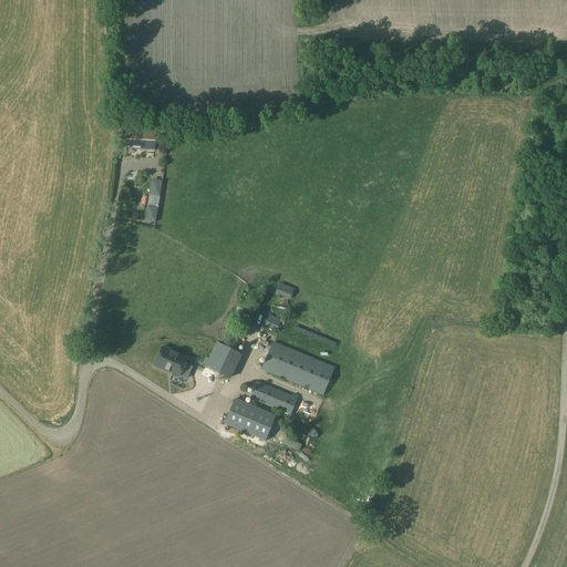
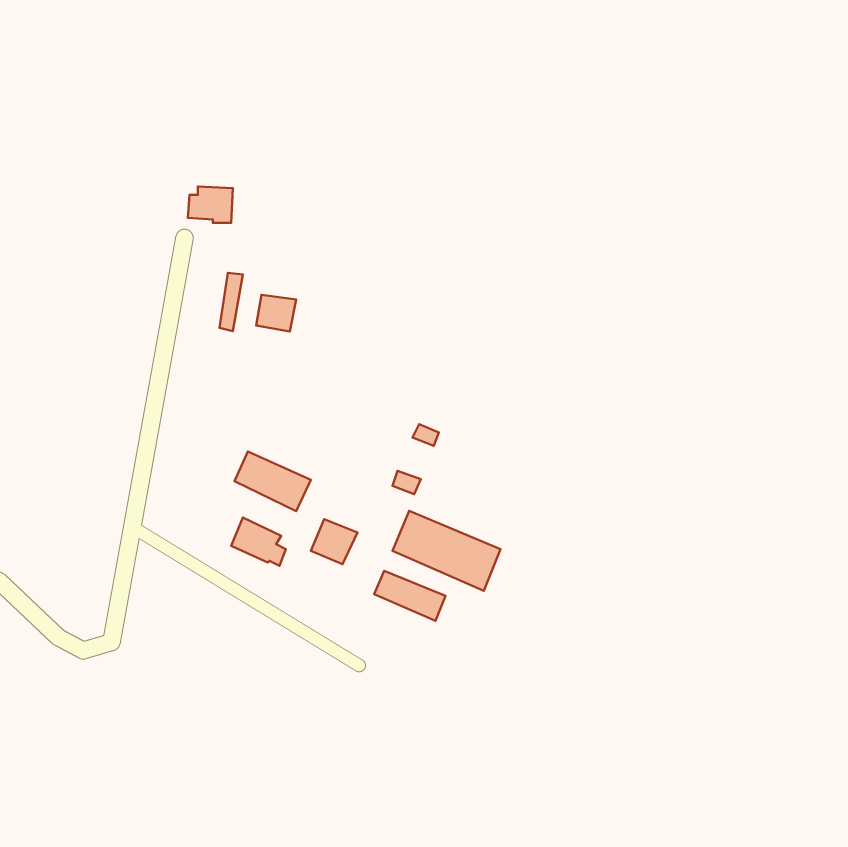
building: none -> [256,295,296,332]
building: none -> [234,451,311,511]
building: [225,398,275,439] -> none

